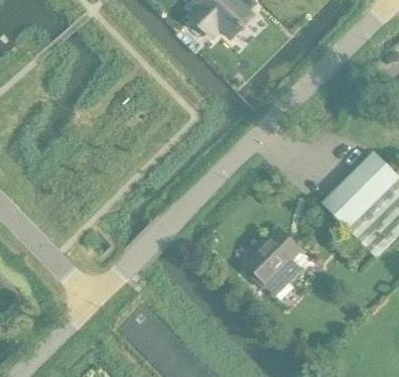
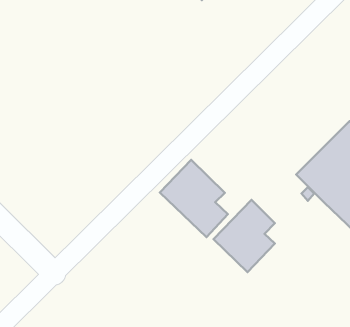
building: none -> [160,160,228,237]

